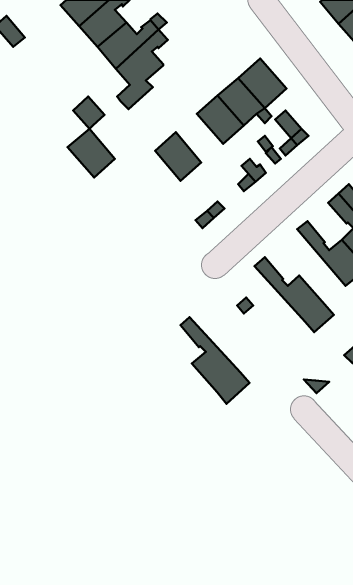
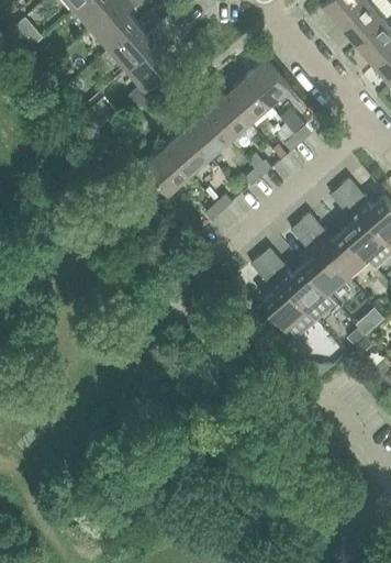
building: none -> [186,112,231,158]
building: [68,129,115,177] -> [145,147,190,194]
building: none -> [291,222,347,294]
building: [180,317,250,404] -> [252,257,317,340]

